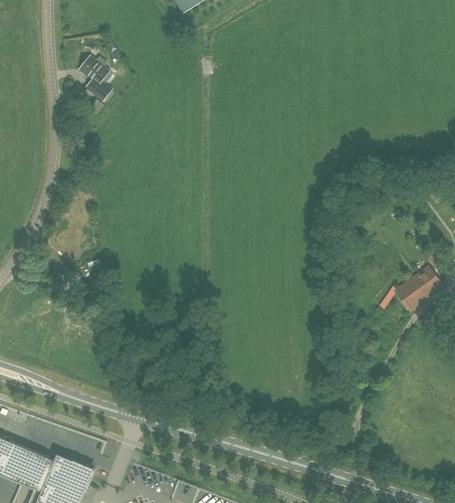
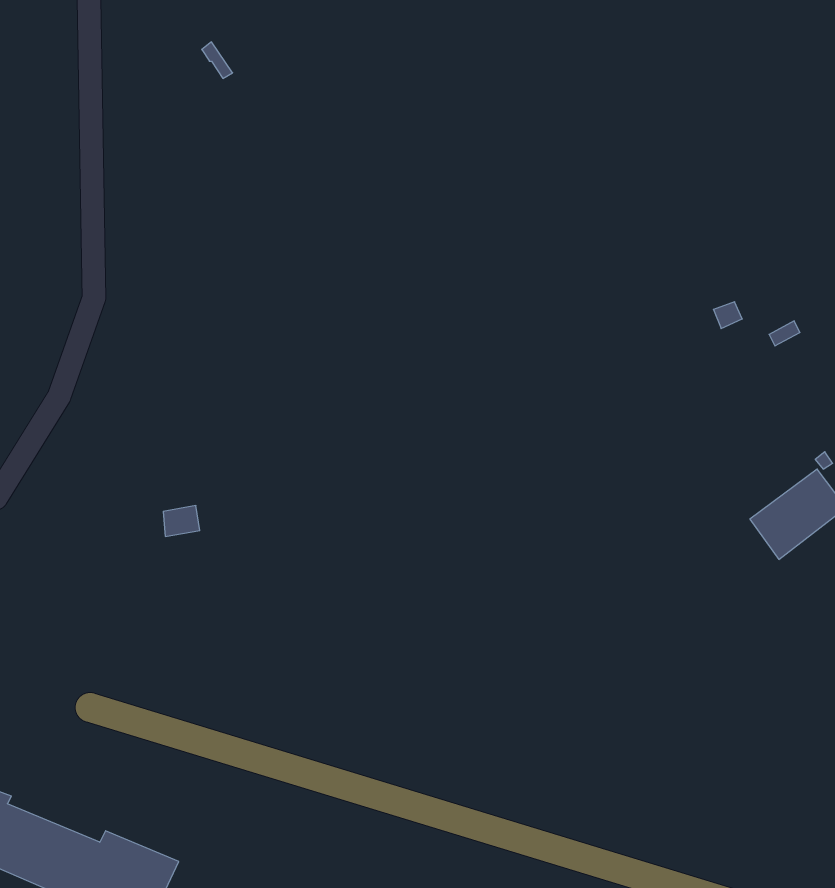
building: [78,55,111,100] -> none

